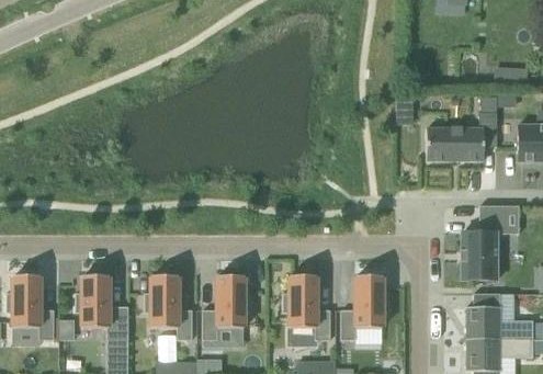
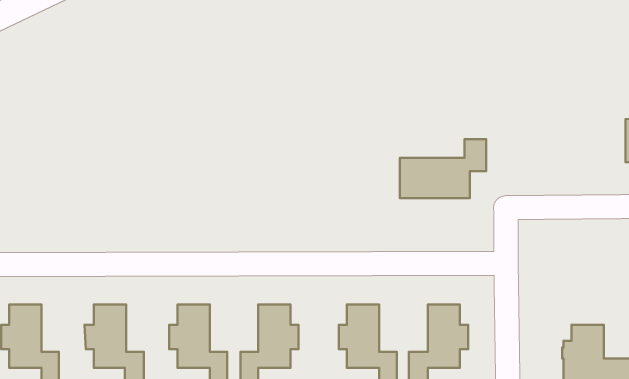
building: [426,112,496,160] -> [400,139,486,198]
building: [460,206,506,281] -> none

